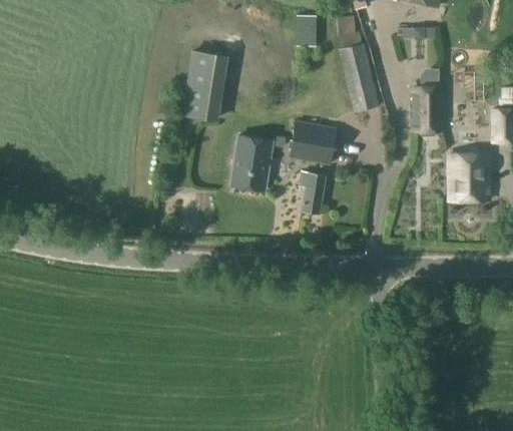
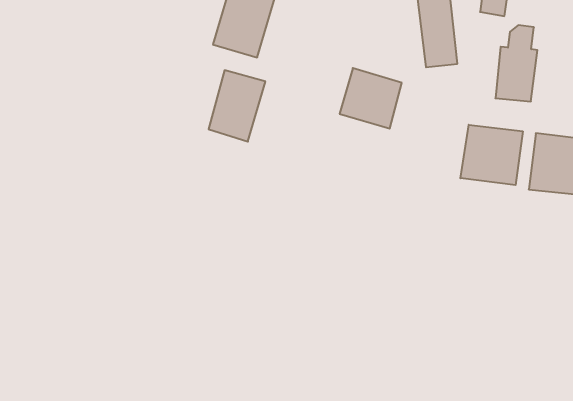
building: [231,136,273,191] -> [209,70,265,142]
building: none -> [460,125,523,185]
building: [300,171,326,213] -> none

